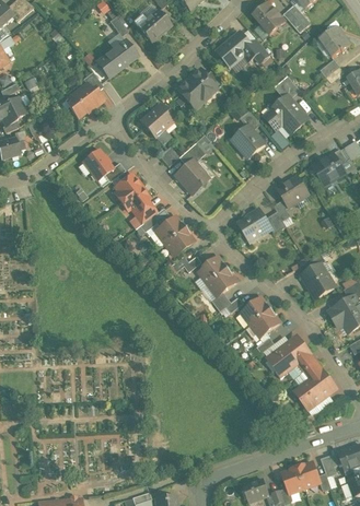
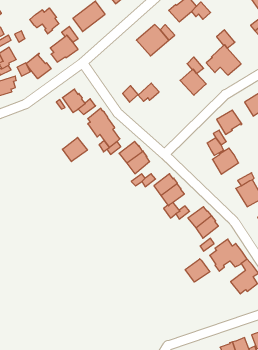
building: none -> [30,8,59,34]
building: [140,103,175,144] -> none
building: none -> [26,53,51,79]
building: [175,161,208,193] -> none
building: [237,209,270,242] -> [212,148,239,174]
building: none -> [62,137,87,162]
building: none -> [185,259,210,282]

